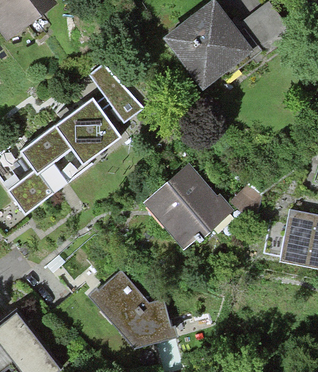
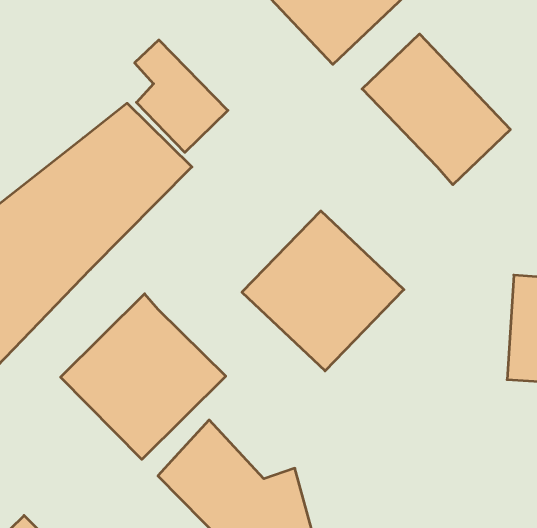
building: none -> [362,34,510,185]
building: none -> [61,294,226,459]

